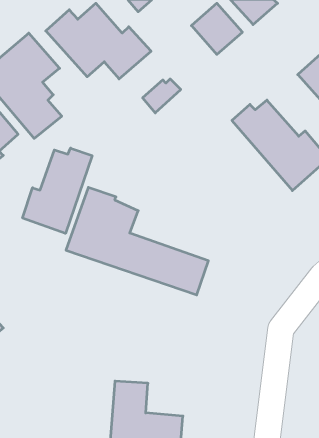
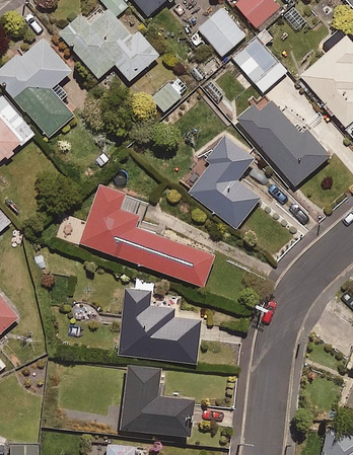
building: none -> [233,29,287,92]
building: none -> [188,133,260,228]
building: [23,148,92,233] -> none
building: none -> [120,282,201,361]

